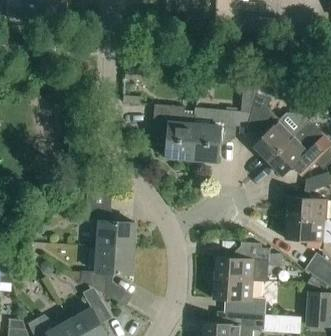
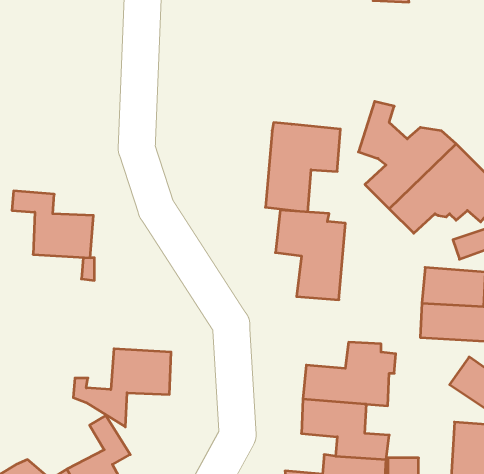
building: [152,104,195,159] -> [275,210,345,300]
building: [85,207,135,248] -> [12,191,93,258]

